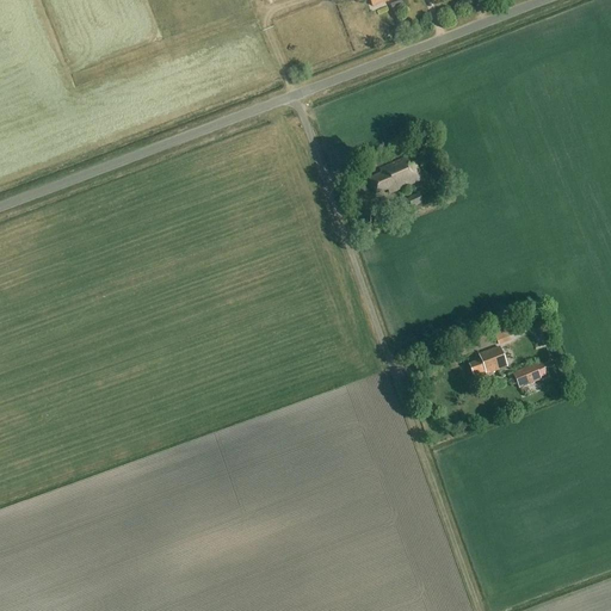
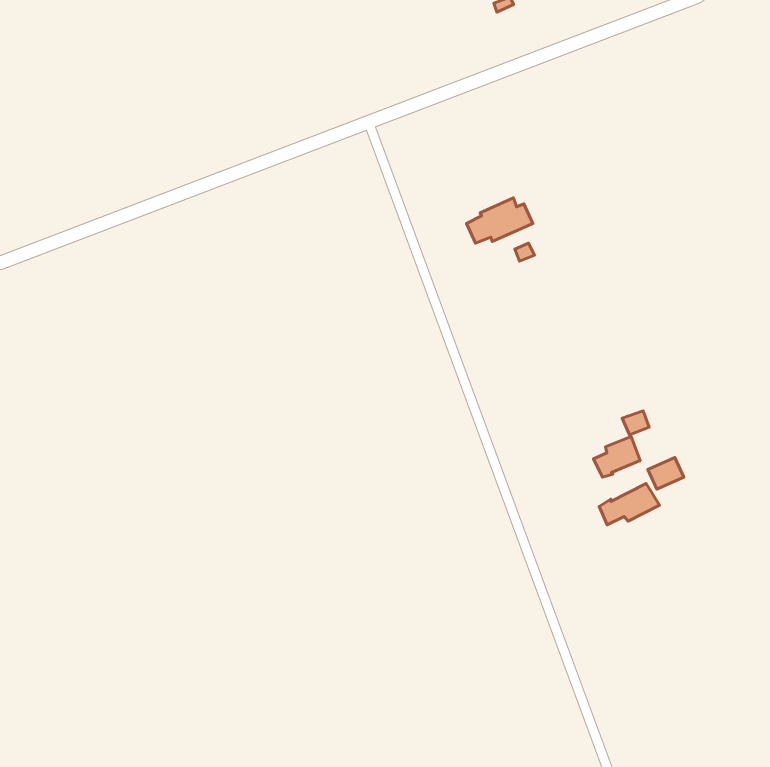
building: none -> [599,484,659,525]

